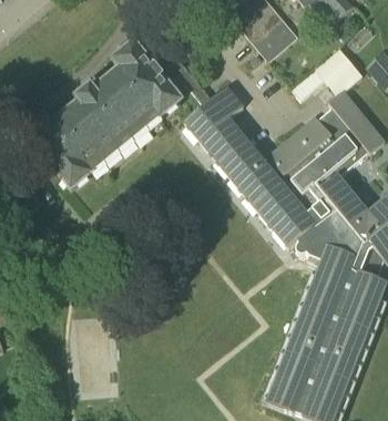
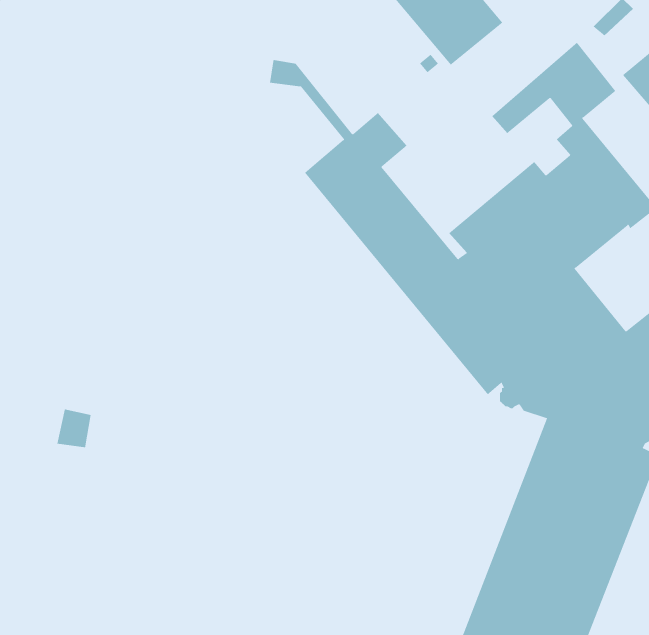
building: [23,42,182,189] -> none

